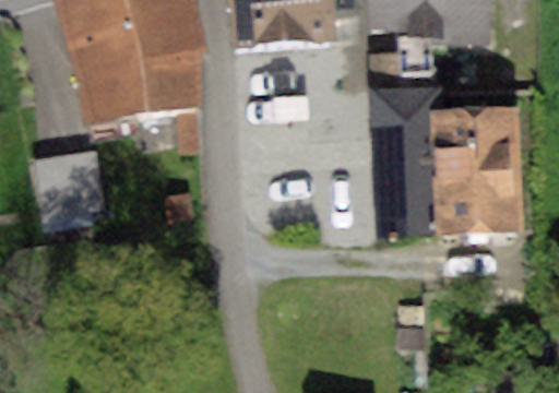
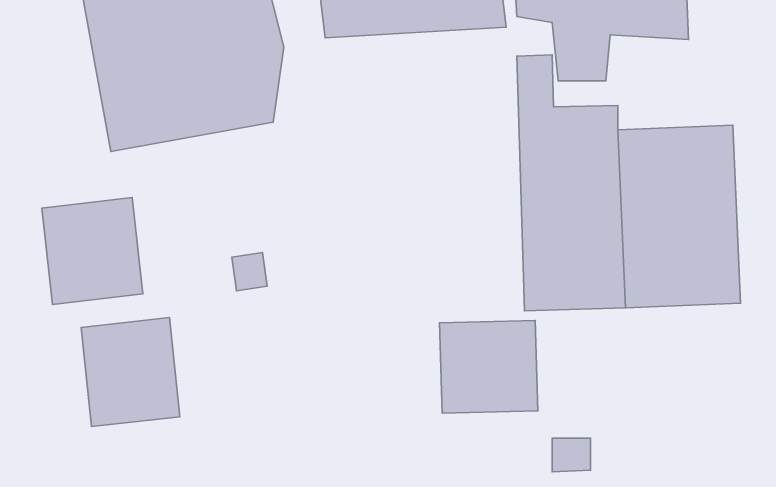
building: none -> [81,318,180,427]
building: none -> [440,321,538,413]

